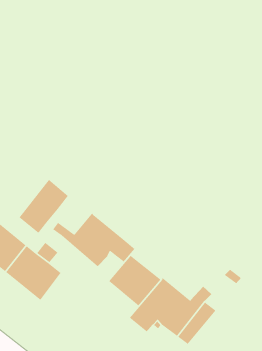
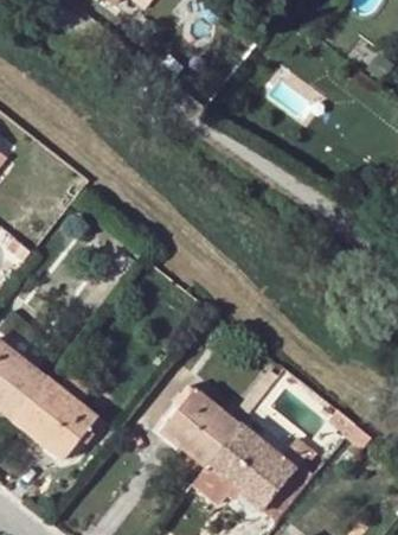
building: [18,179,69,234] -> none
building: [52,212,136,267] -> none

